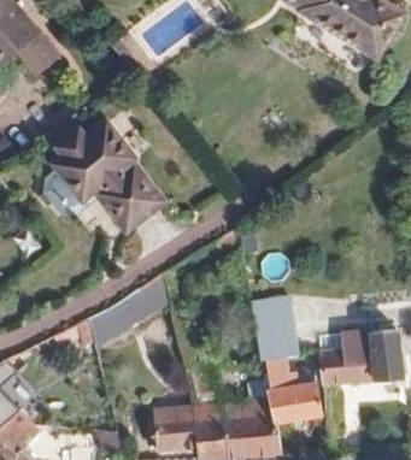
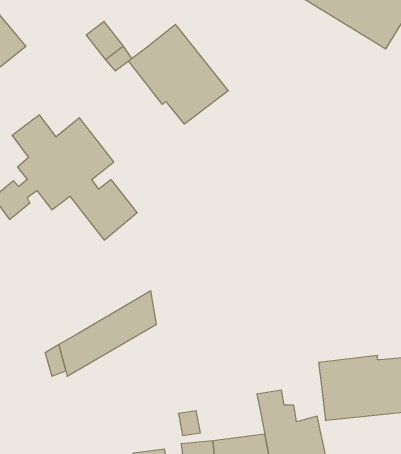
building: none -> [129,24,228,124]
building: [251,295,299,362] -> none

